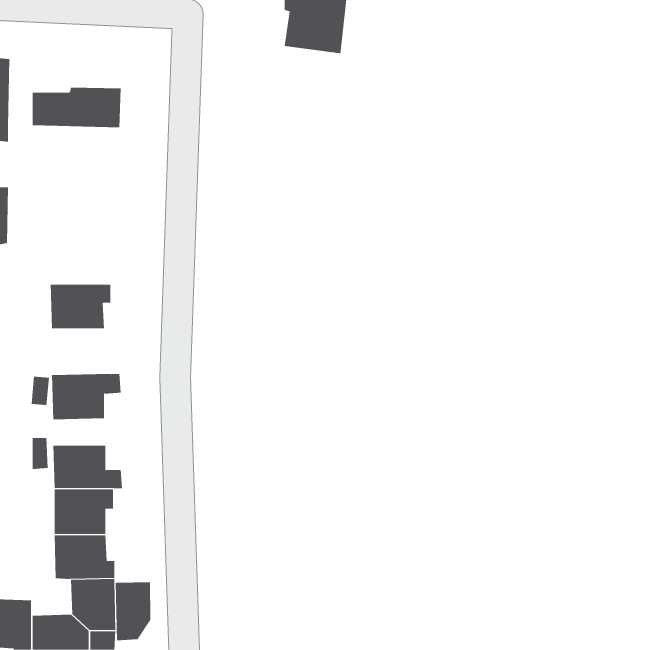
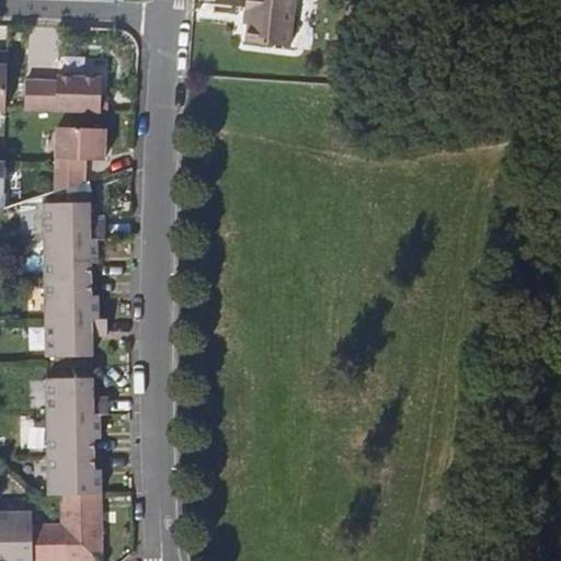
building: none -> [58,126,108,190]
building: none -> [43,193,102,243]
building: none -> [44,282,96,321]
building: [115,581,151,641] -> none

